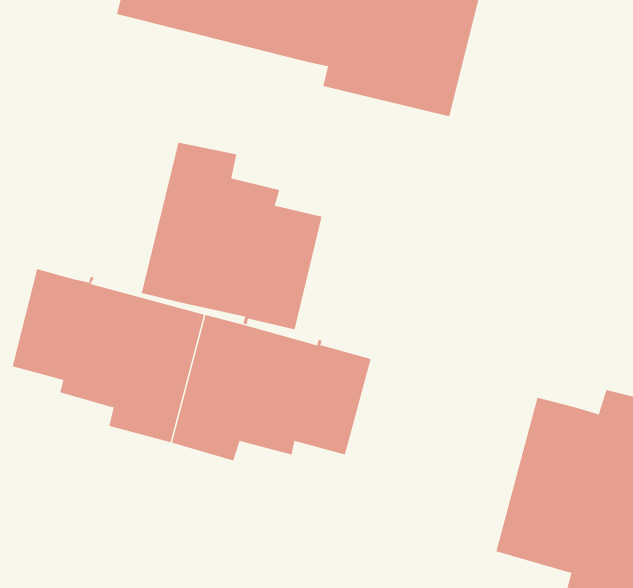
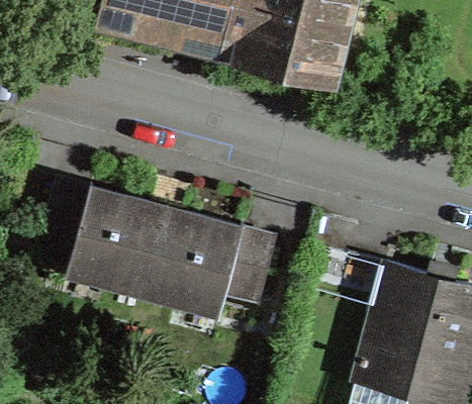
building: [141,142,322,330] -> none

